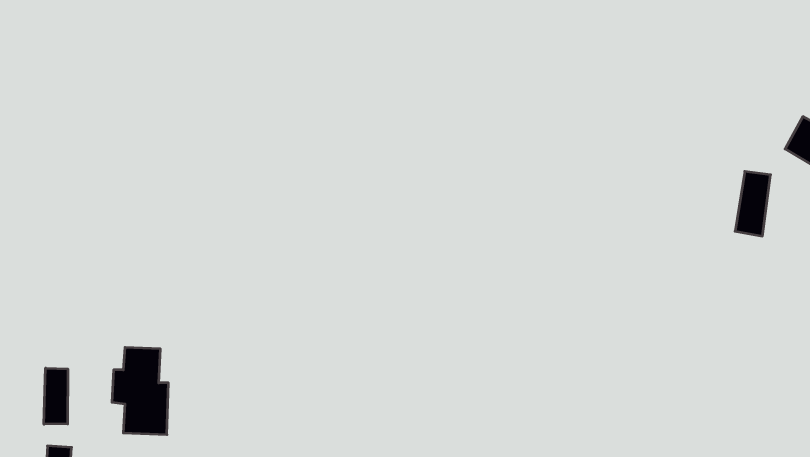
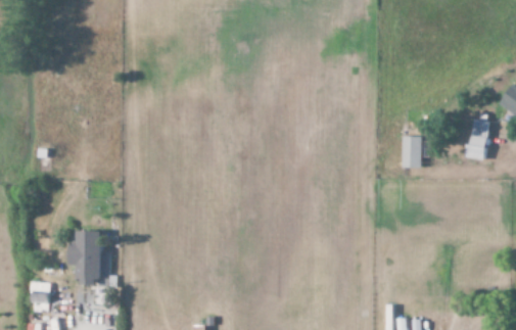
building: none -> [402,135,421,167]
building: [44,368,68,424] -> none

